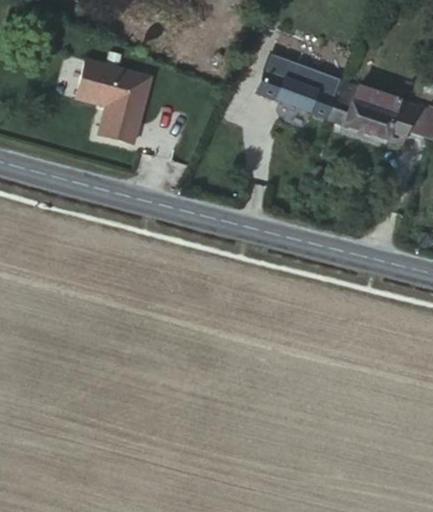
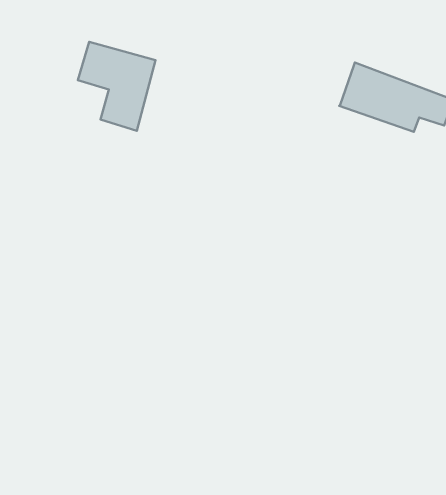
building: [259,55,344,119] -> none

